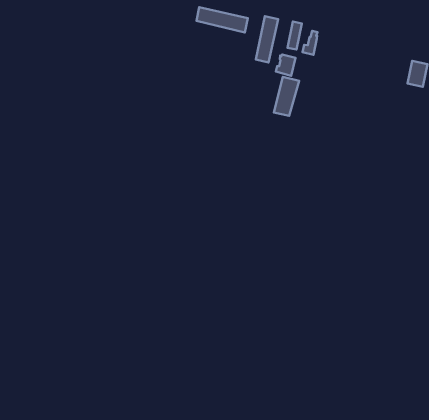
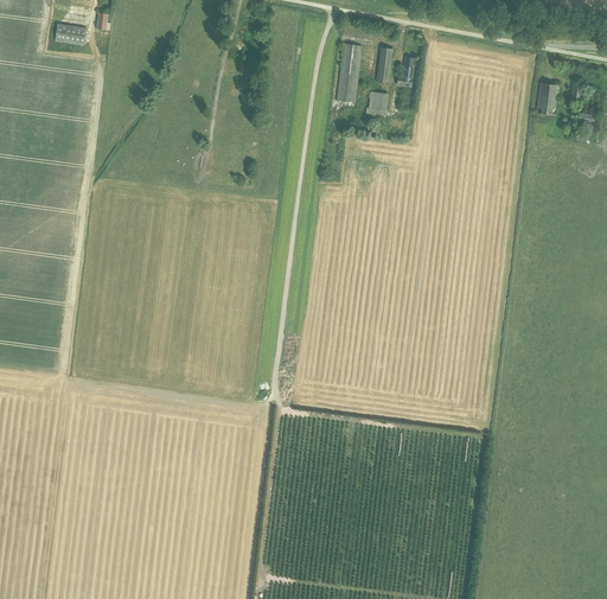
building: [196,7,248,33] -> none
building: [274,77,299,116] -> none

